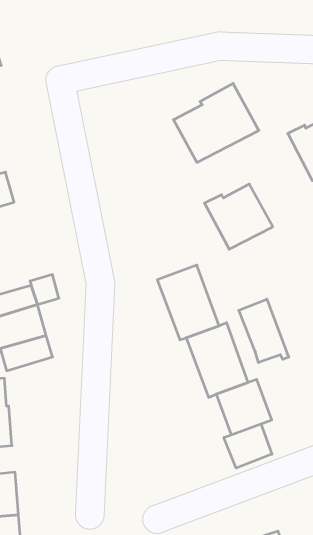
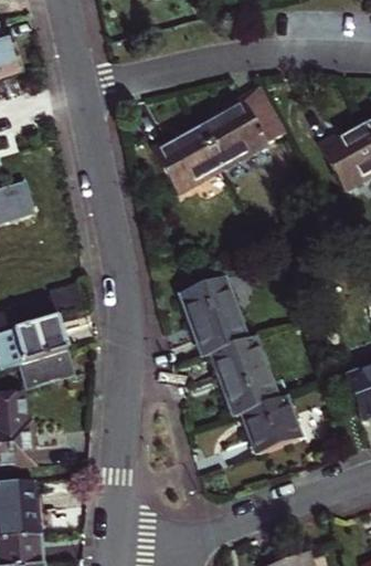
building: [204,184,273,249] -> [151,127,222,195]
building: [239,299,289,363] -> none
building: [224,424,272,468] -> none

